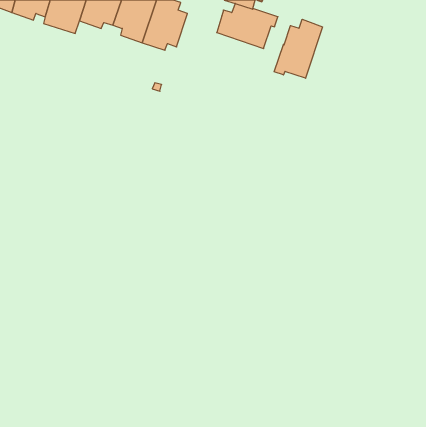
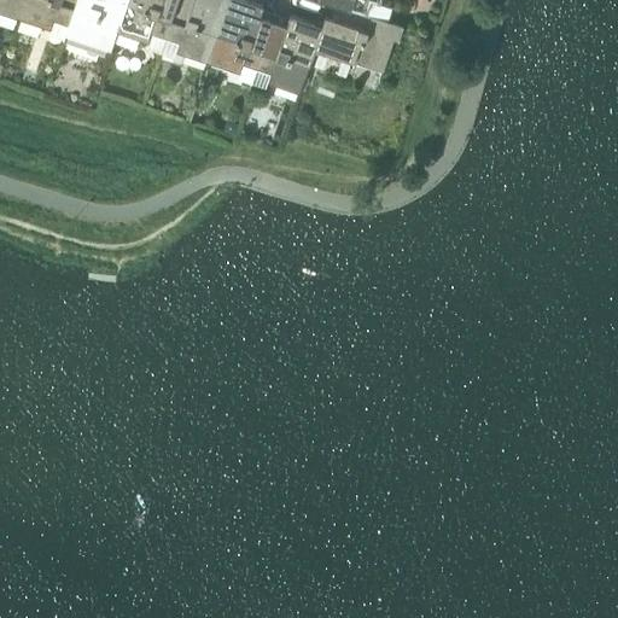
building: none -> [255,13,320,93]
building: [274,19,322,78] -> none

